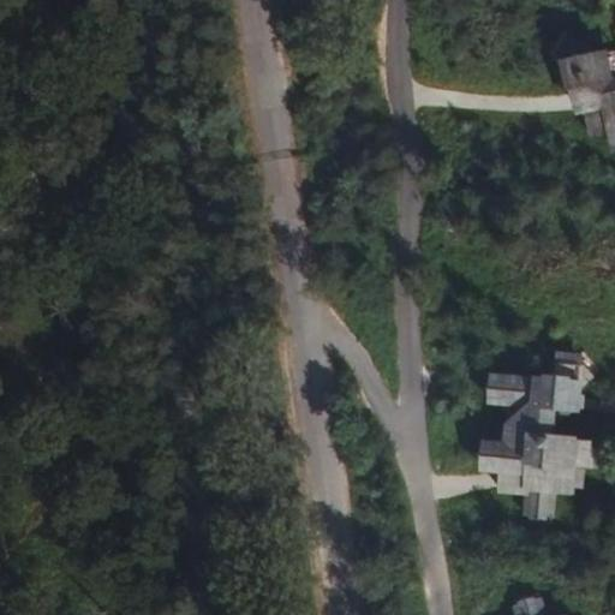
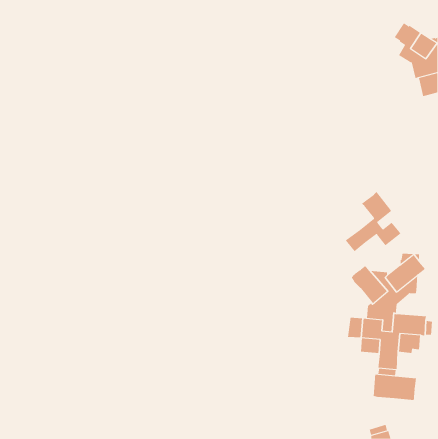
building: none -> [345,191,401,252]
building: none -> [373,374,417,401]

